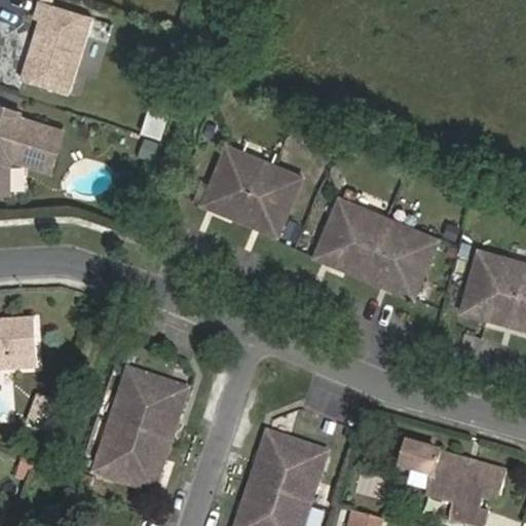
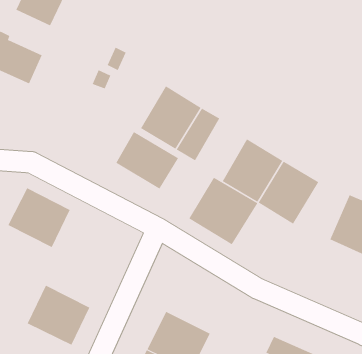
building: none -> [115,131,179,189]
building: none -> [188,177,258,245]
building: [109,369,186,441] -> [7,188,71,248]

